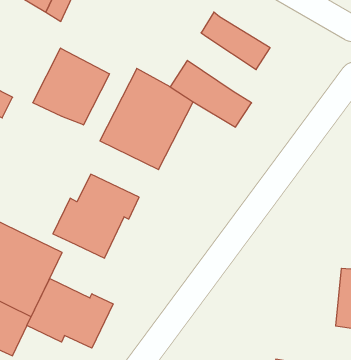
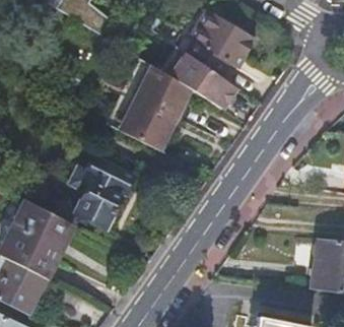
building: none -> [179,30,246,82]
building: [33,48,109,125] -> none
building: [27,279,113,348] -> none

